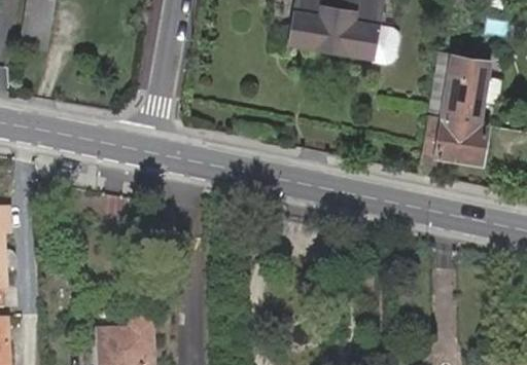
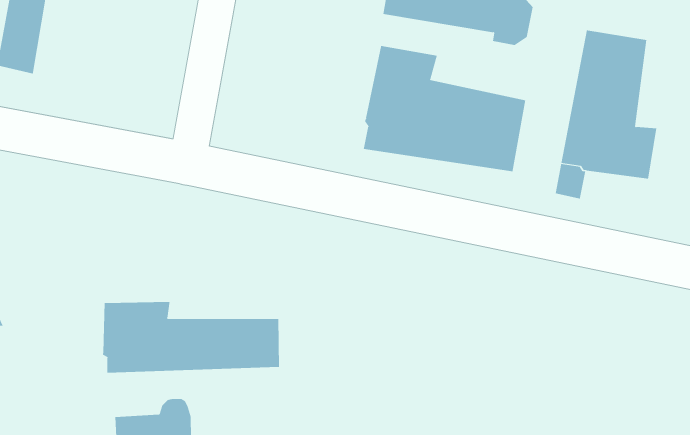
building: none -> [363,45,526,172]
building: none -> [102,301,280,374]

